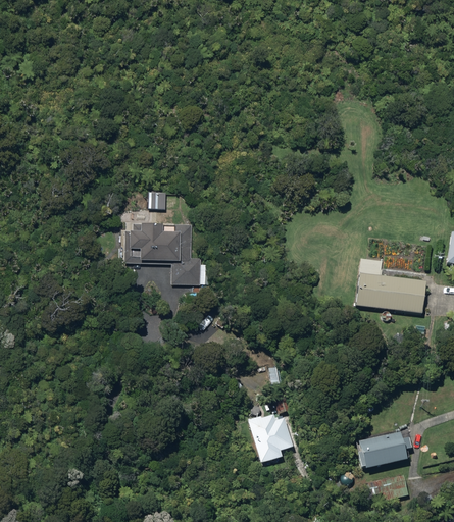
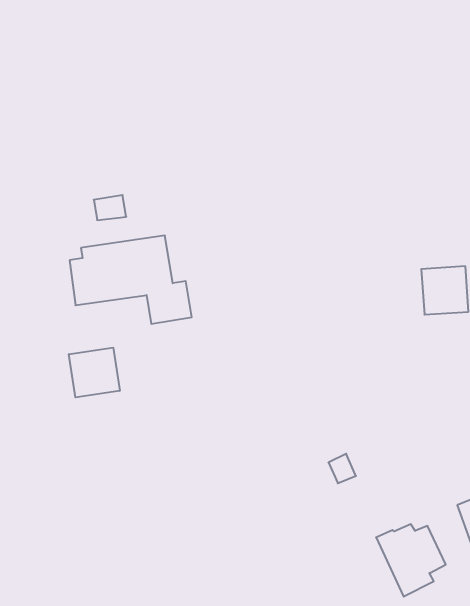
building: none -> [69,348,120,397]
building: [247,415,292,464] -> [376,524,446,597]

